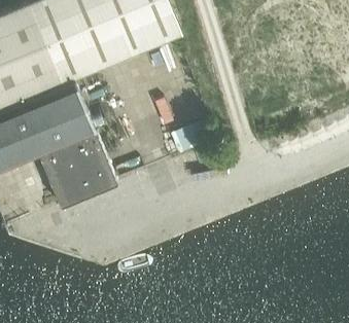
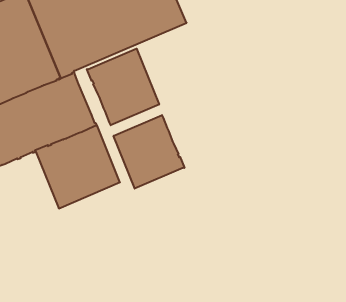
building: none -> [87,49,159,125]
building: none -> [114,115,184,189]

